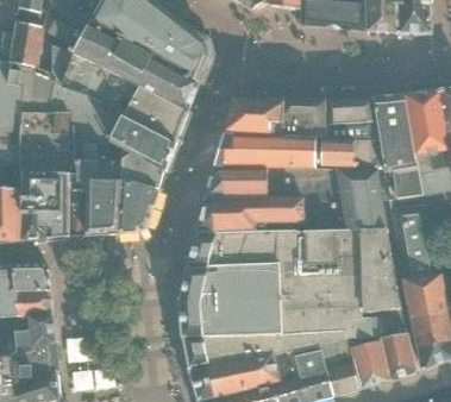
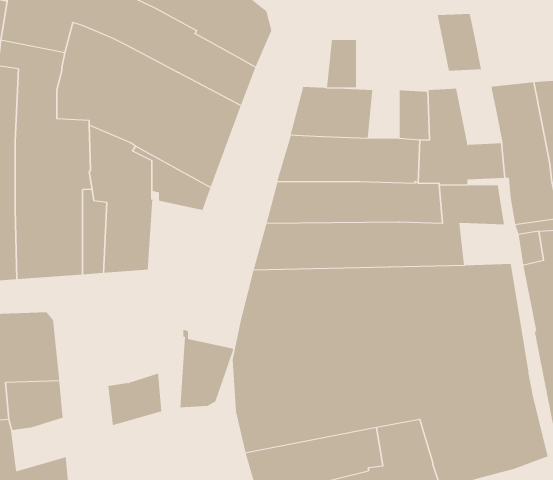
building: [346,96,380,139] -> [437,13,482,71]
building: [281,99,303,134] -> [326,39,357,88]
building: [118,174,158,232] -> [179,329,234,408]
building: [349,197,387,228] -> none
building: [17,341,57,381] -> [107,373,162,426]

